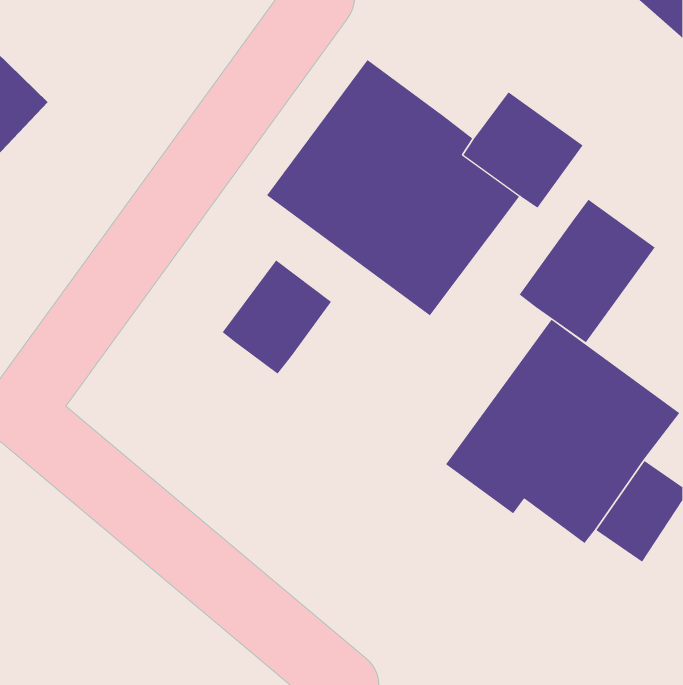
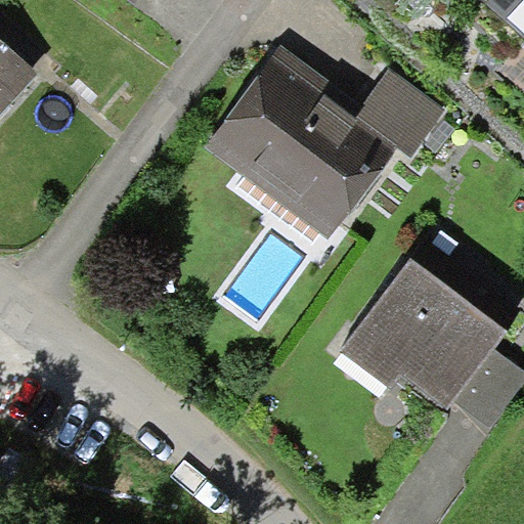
building: [519,199,656,343] -> none
building: [222,259,332,375] -> none

